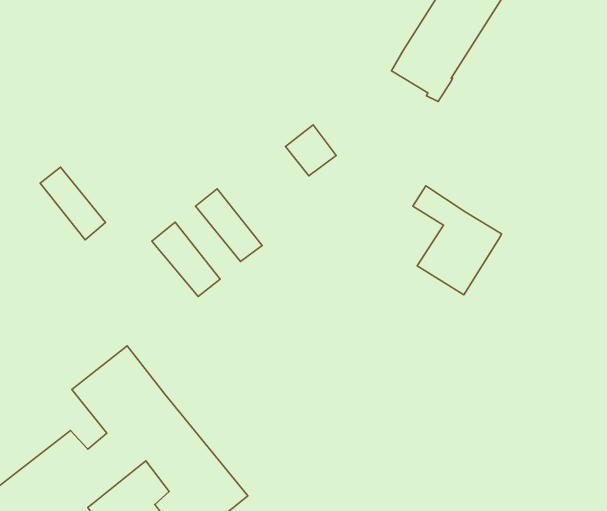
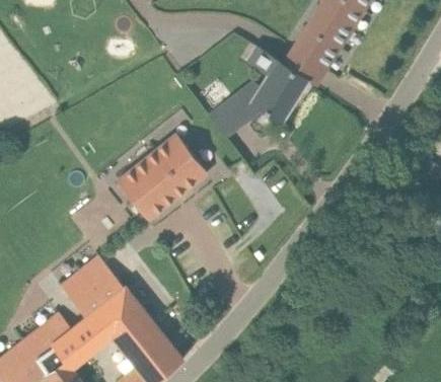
building: [40,167,105,240] -> [133,158,178,209]
building: none -> [162,135,209,185]
building: [413,186,502,295] -> [247,46,309,122]

